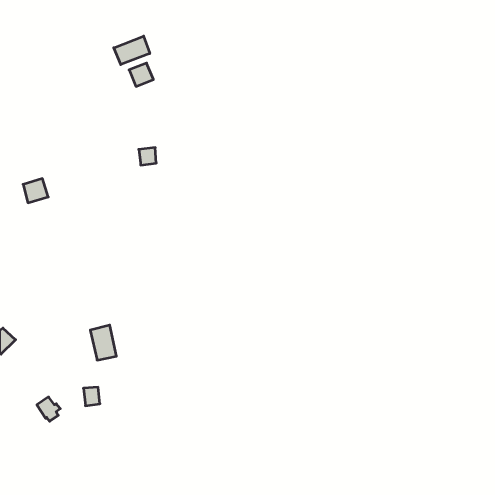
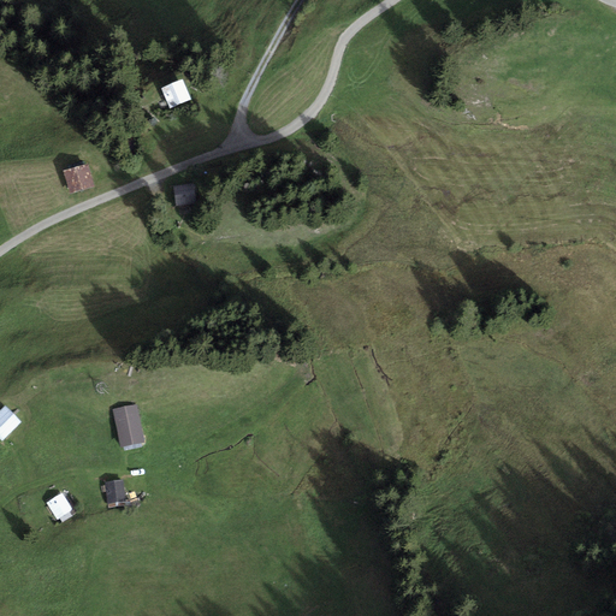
building: [114,36,150,65] -> none
building: [23,179,48,203] -> [63,162,94,192]

